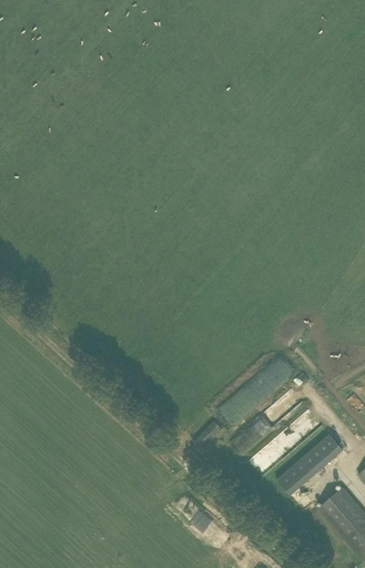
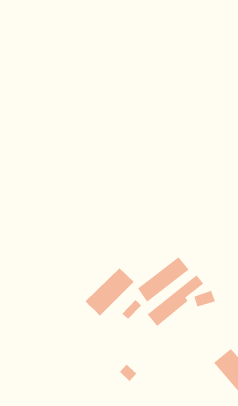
building: none -> [85,267,134,316]
building: [275,434,342,495] -> none

